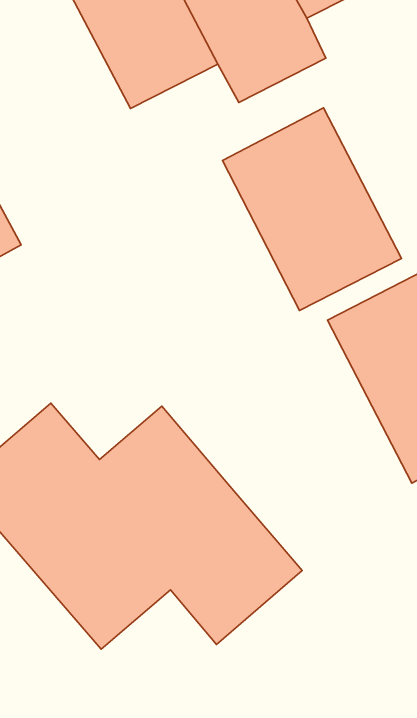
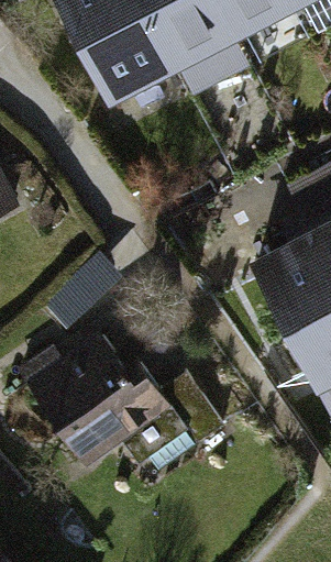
building: [222,108,401,311] -> none

